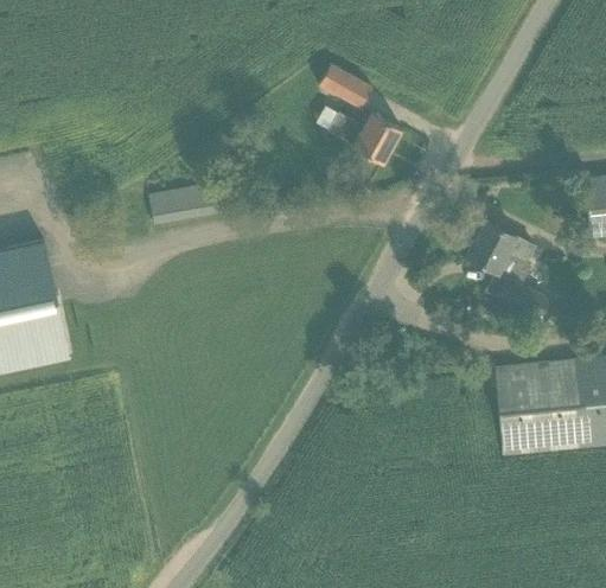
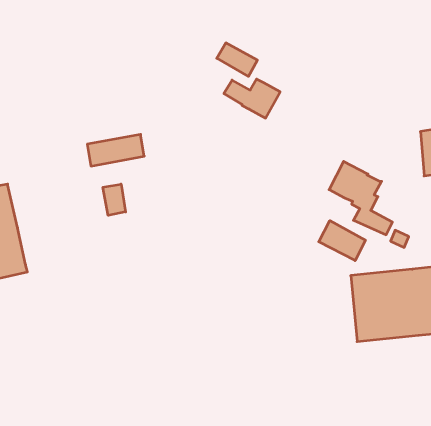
building: none -> [103,184,126,215]
building: none -> [319,221,365,261]

